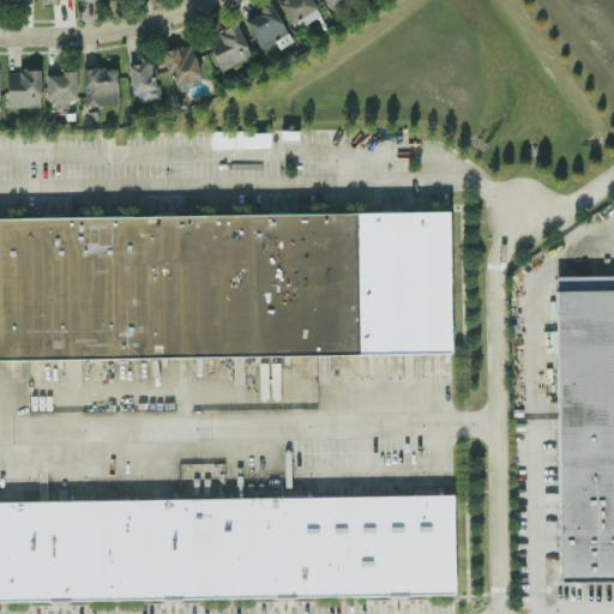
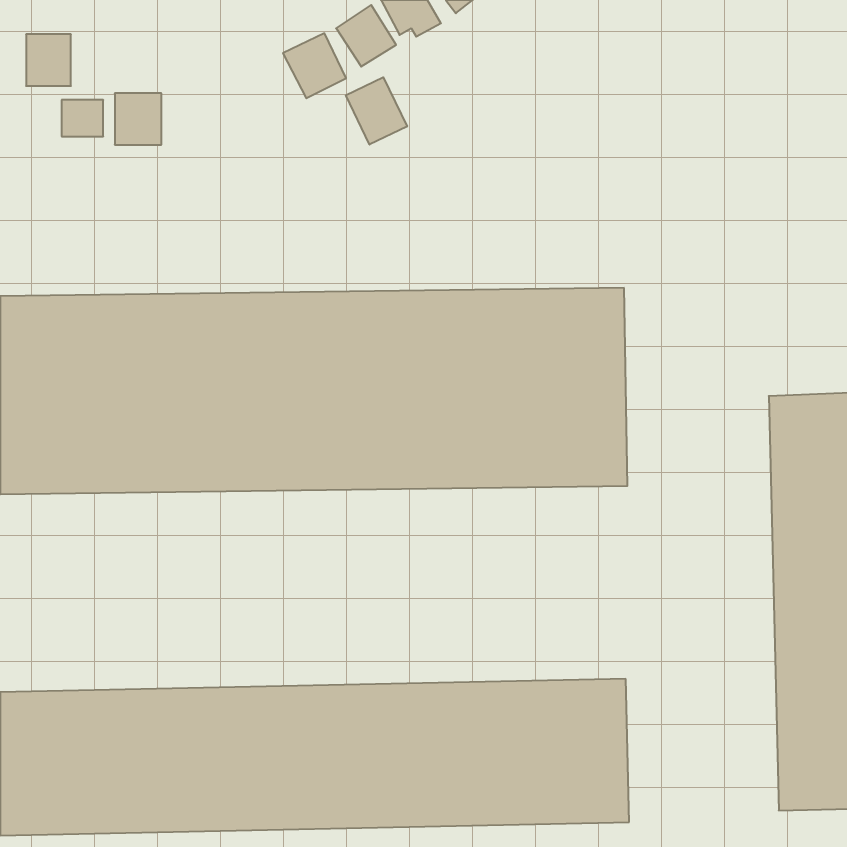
building: [163,46,200,88] -> none
building: none -> [346,77,407,145]
building: [130,59,161,106] -> none
building: [7,73,40,110] -> [26,34,71,86]

